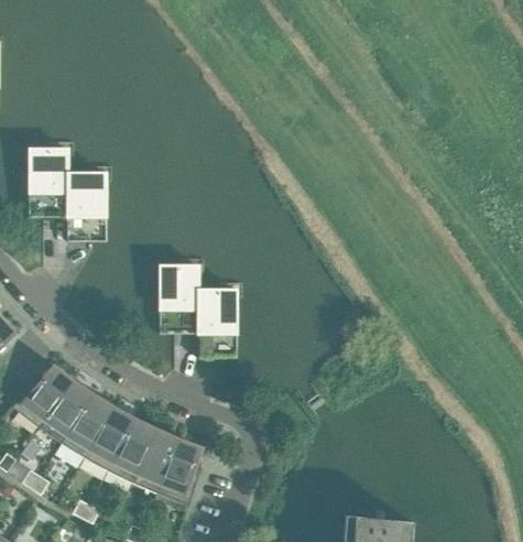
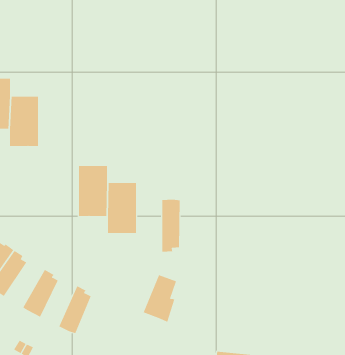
building: none -> [162,199,180,252]
building: [59,395,113,456] -> none
building: [108,420,156,481] -> none
building: [155,441,200,505] -> [143,275,177,322]

